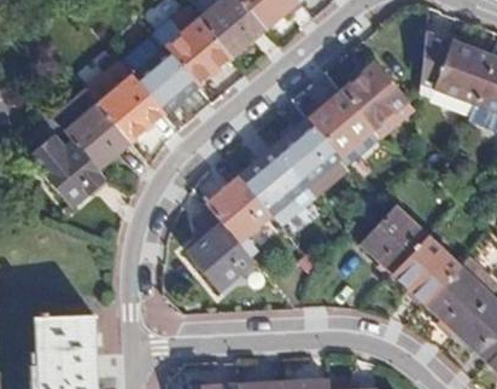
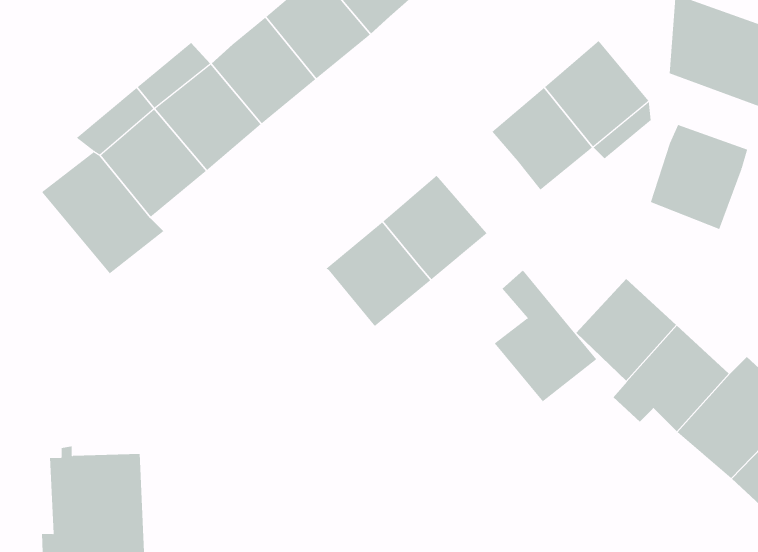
building: none -> [650,124,748,230]
building: [277,117,341,180] -> none
building: [192,203,256,285] -> [494,269,597,402]

